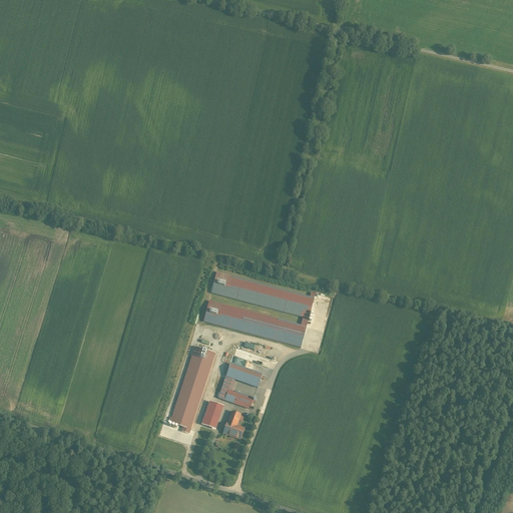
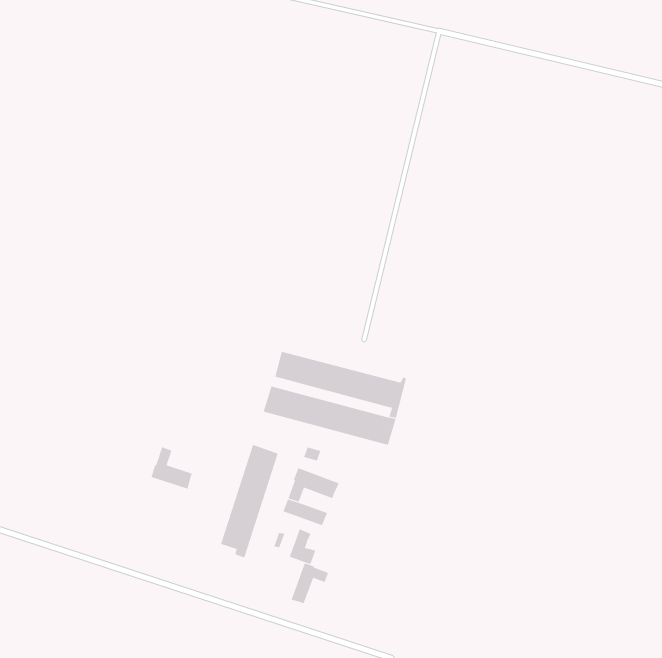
building: none -> [151,446,193,489]
building: none -> [291,563,329,604]

